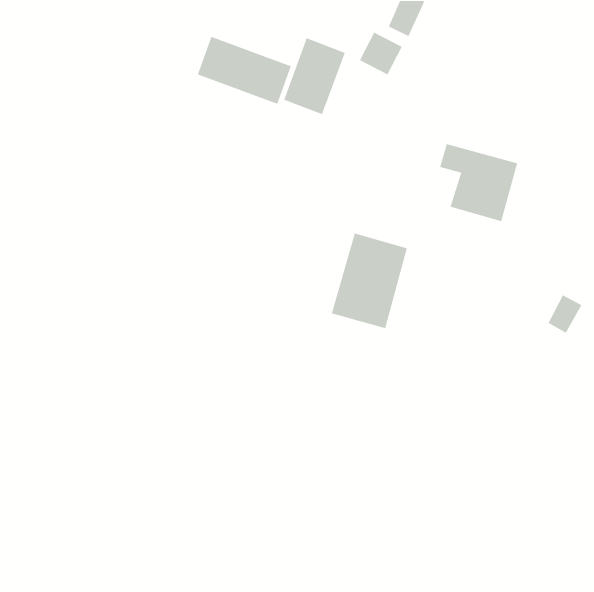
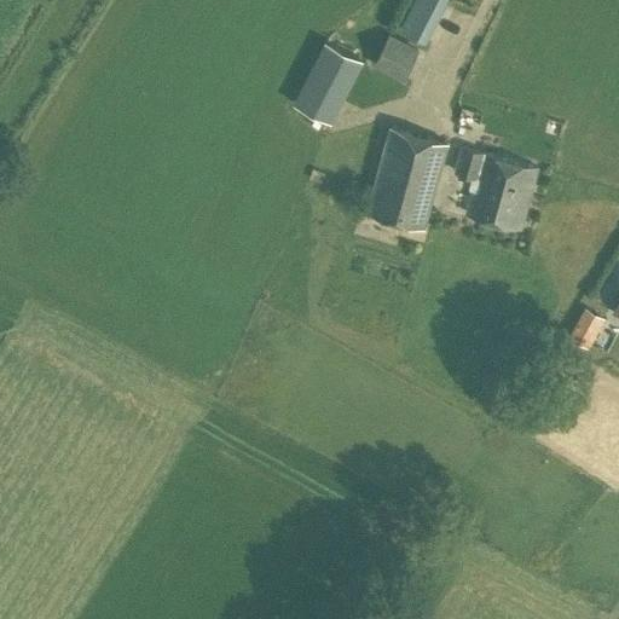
building: [197,36,292,105] -> none
building: [331,233,408,329] -> [368,132,447,232]

